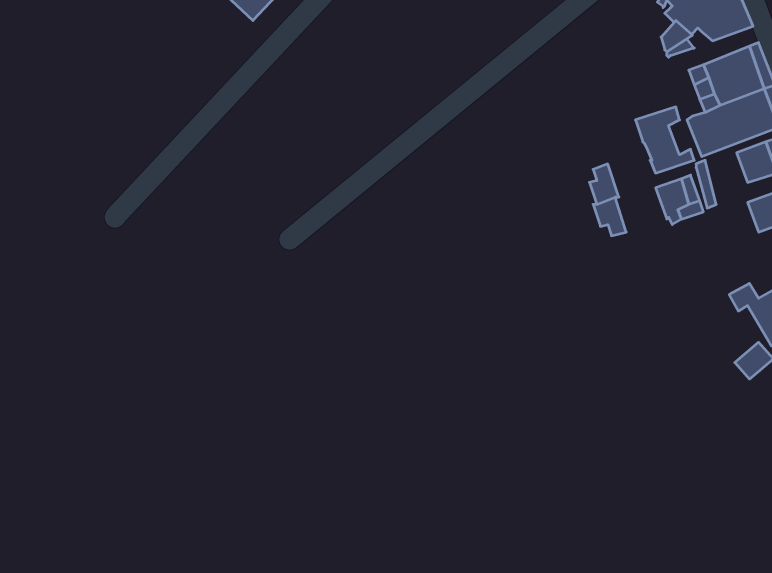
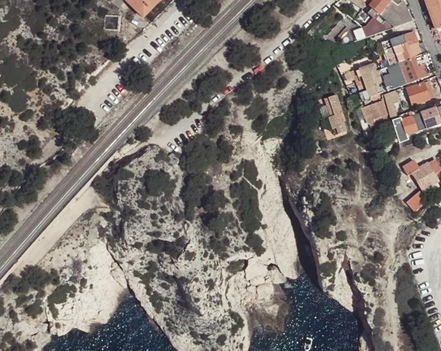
building: none -> [392,114,419,141]

